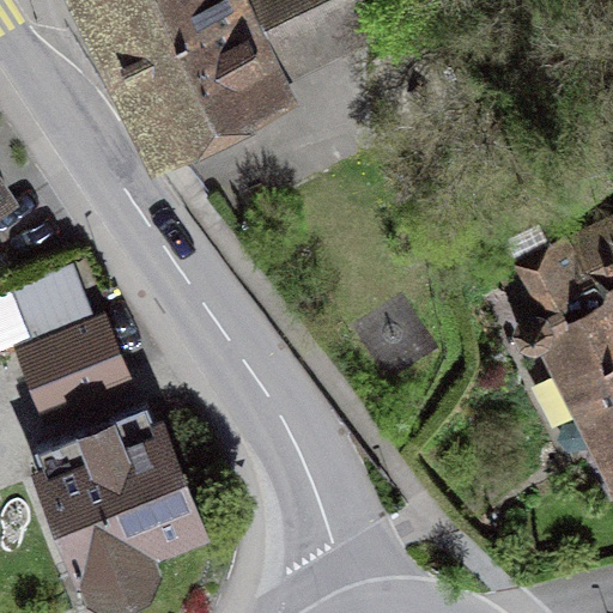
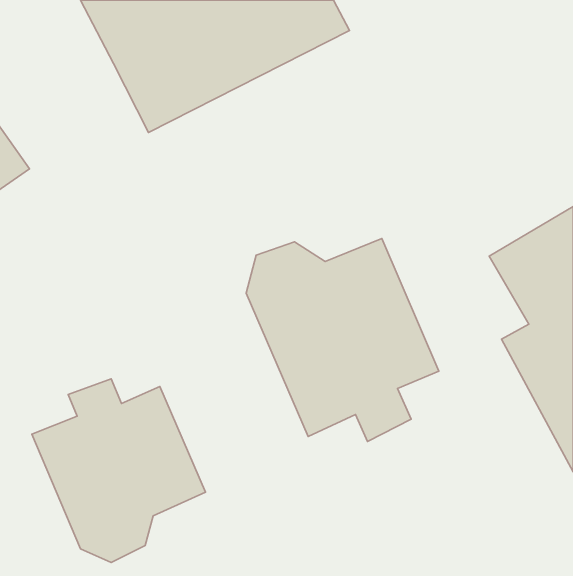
building: none -> [246,239,439,441]
building: [7,267,127,409] -> none

